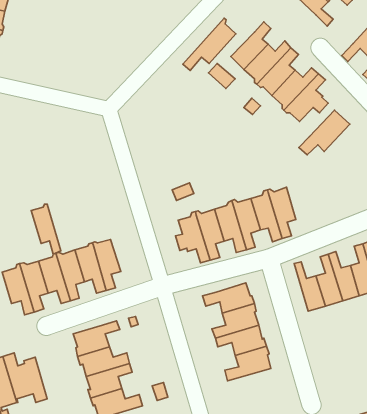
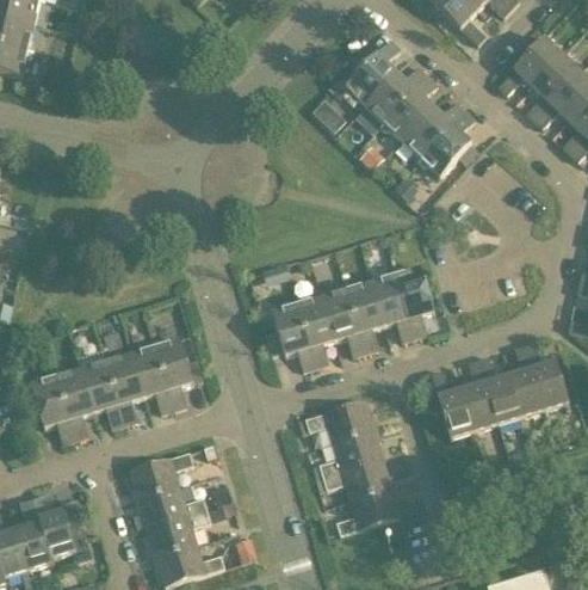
building: [183,18,236,71] -> none
building: [299,110,350,155] -> none
building: [31,204,61,254] -> none

